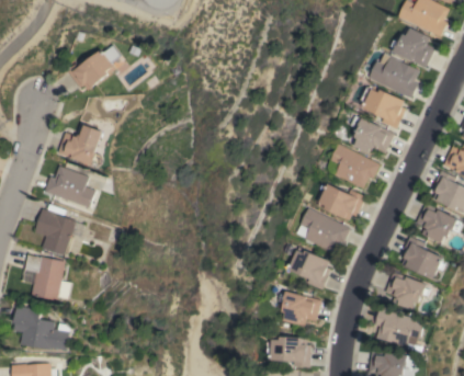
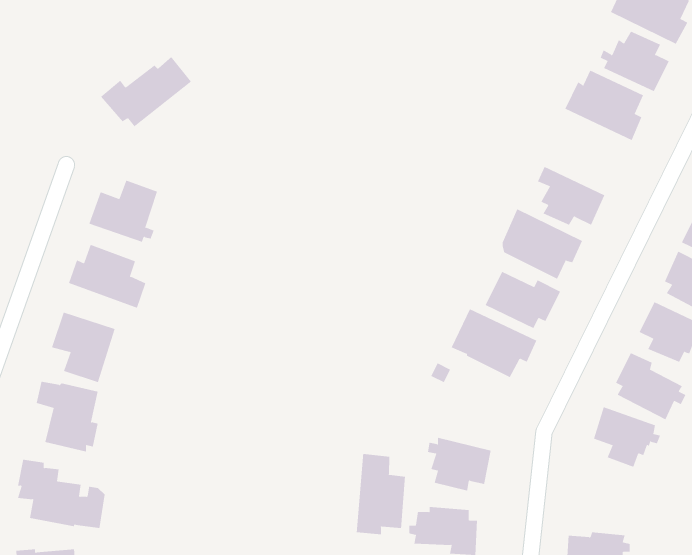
building: [360,86,406,130] -> none
building: [287,250,331,289] -> none
building: none -> [356,453,406,535]
building: [375,309,425,346] -> none

